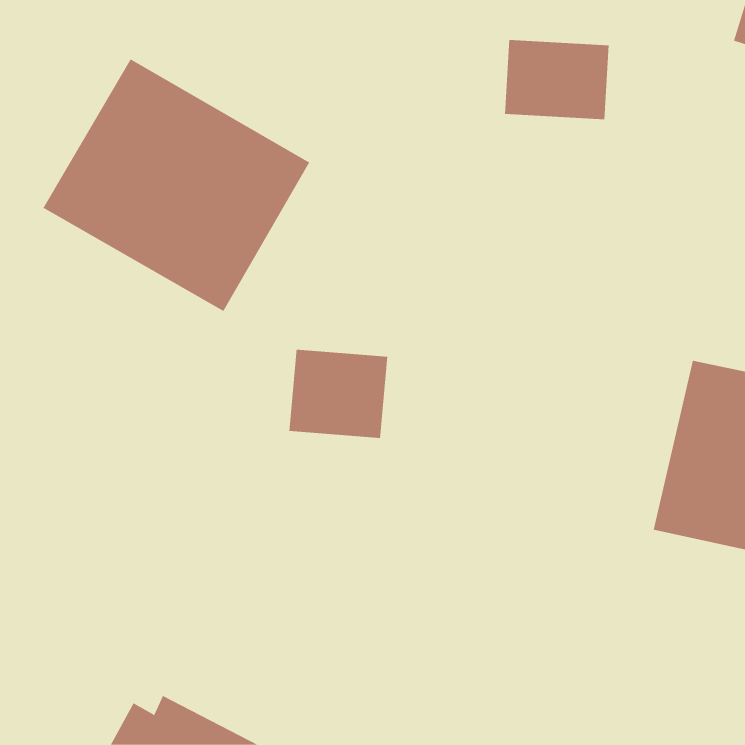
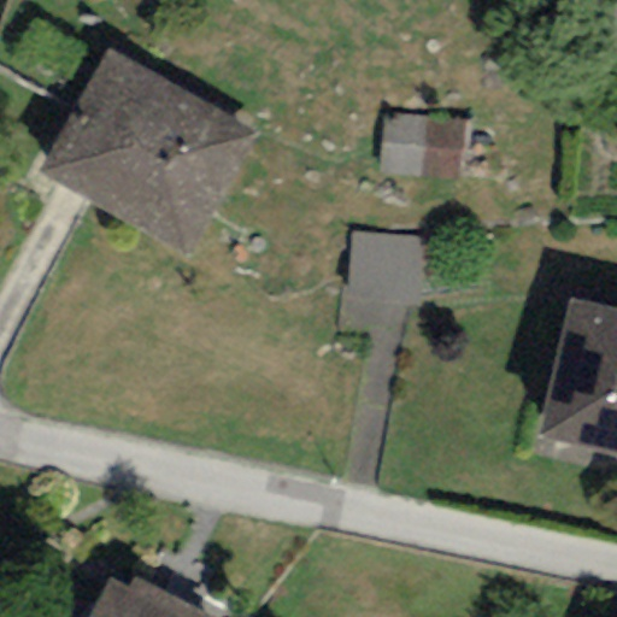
building: [504,39,610,120] -> [381,113,468,180]
building: [289,349,388,438] -> [346,231,428,305]

